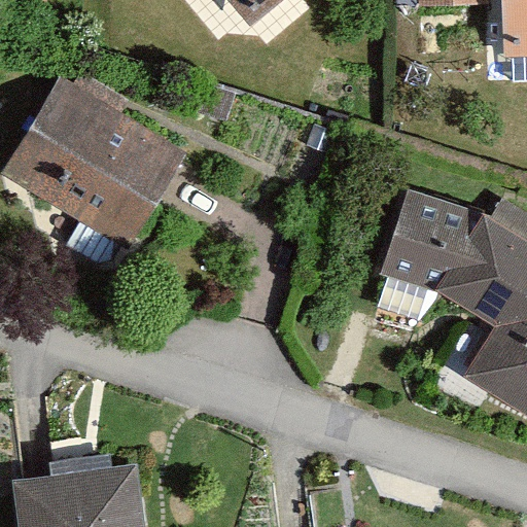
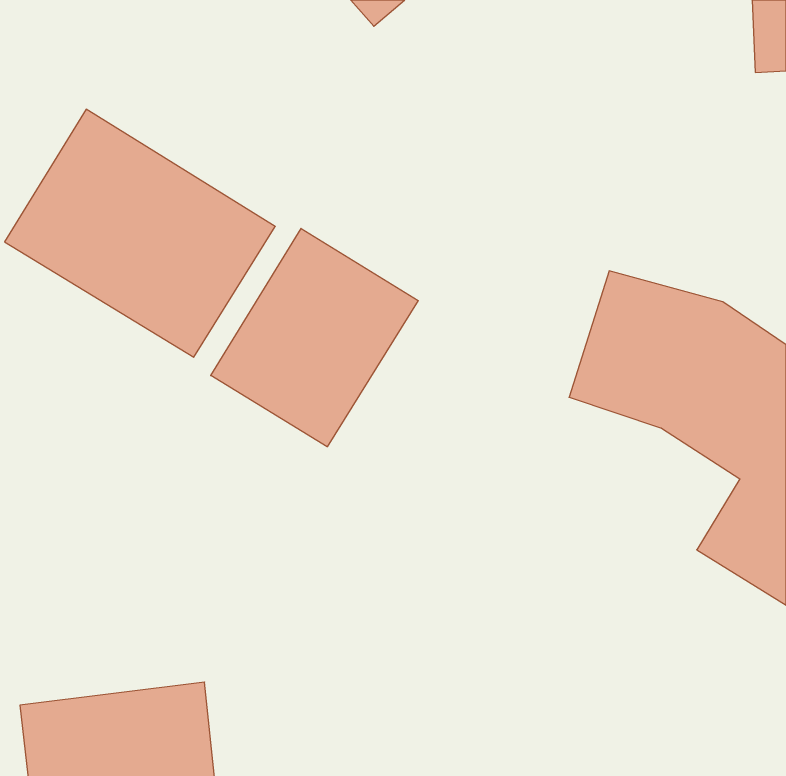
building: none -> [211,228,418,447]

